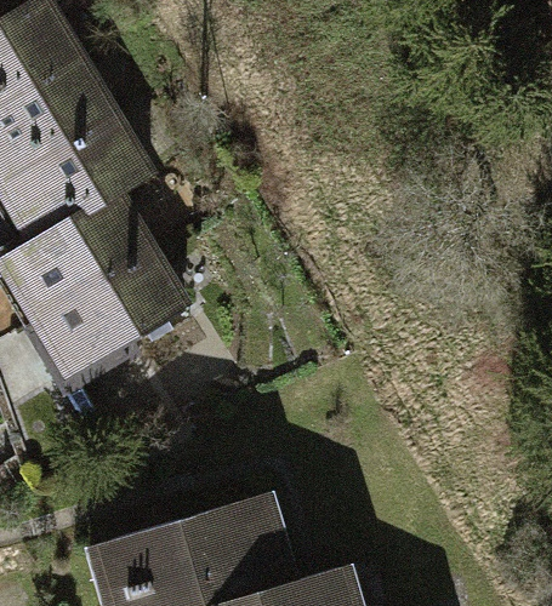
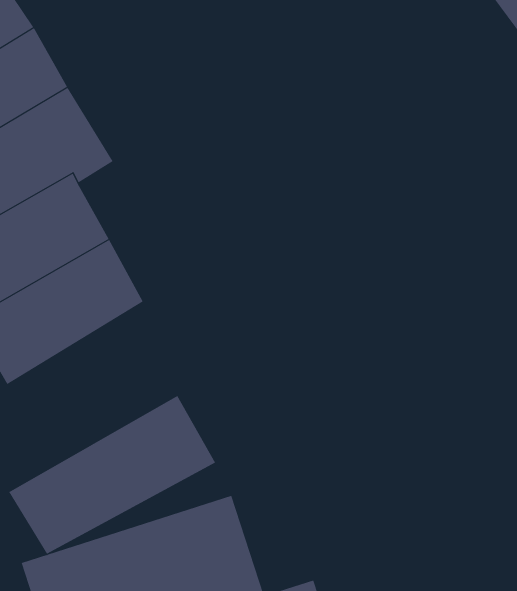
building: none -> [9,395,216,555]

